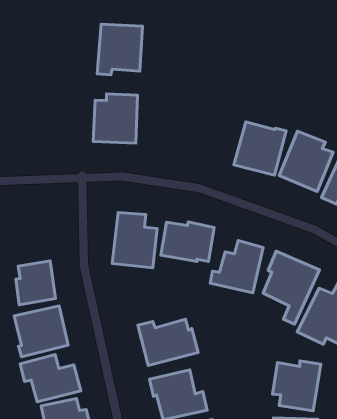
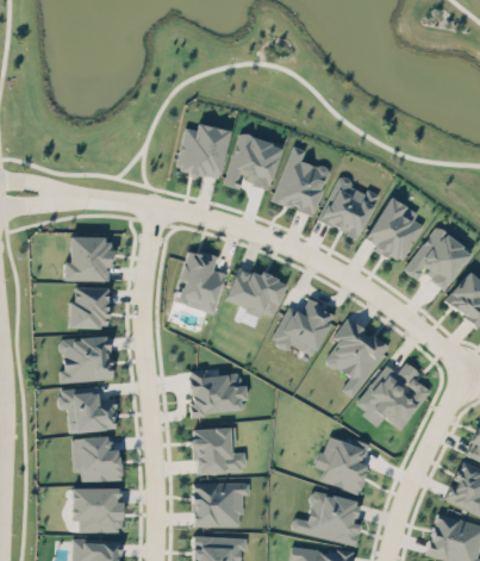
building: [97,24,142,75] -> [225,133,281,189]
building: none -> [273,145,330,216]
building: none -> [64,237,112,281]

